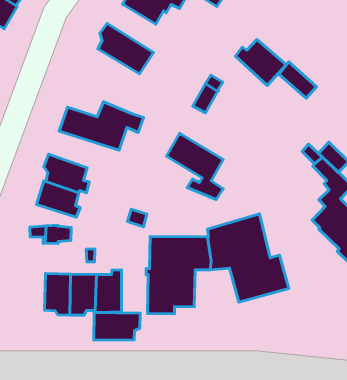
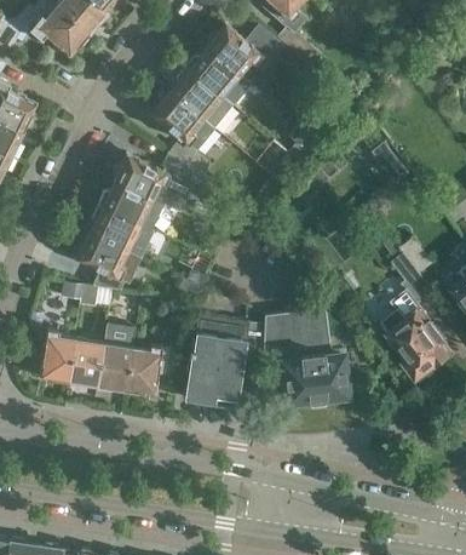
building: none -> [185,51,251,109]
building: [235,40,286,85] -> none
building: none -> [98,183,161,230]
building: [166,134,223,200] -> [150,95,213,174]
building: none -> [39,331,75,383]
building: [94,313,140,340] -> none

